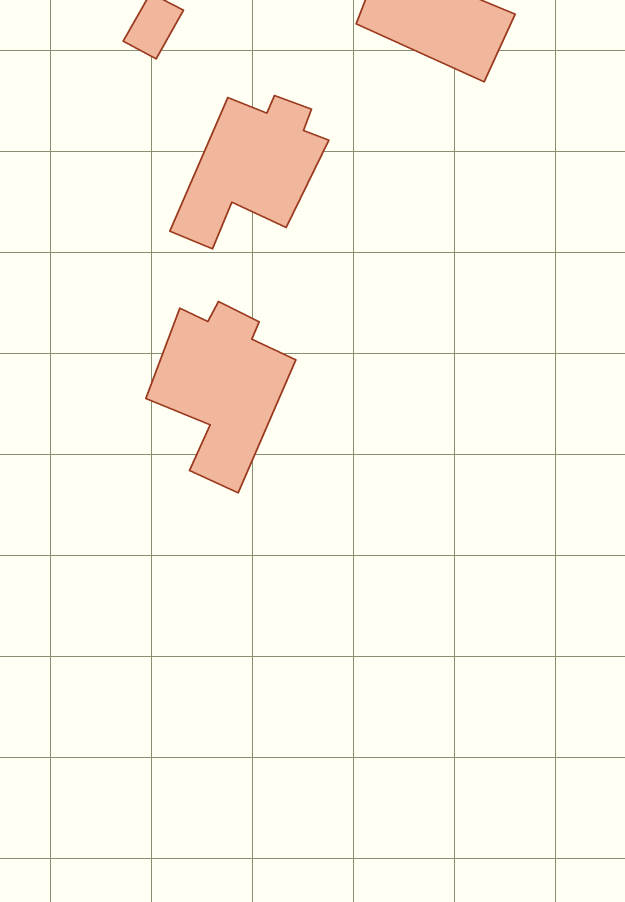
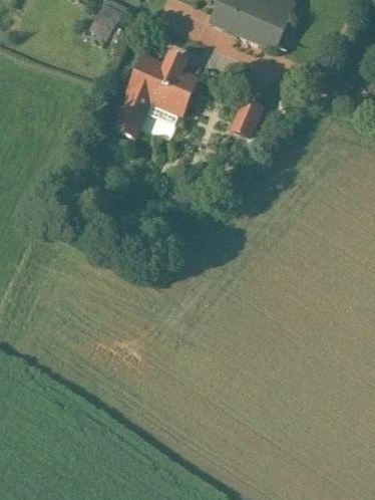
building: none -> [233,97,261,133]
building: [146,302,296,493] -> none

